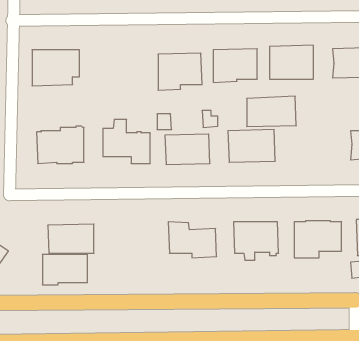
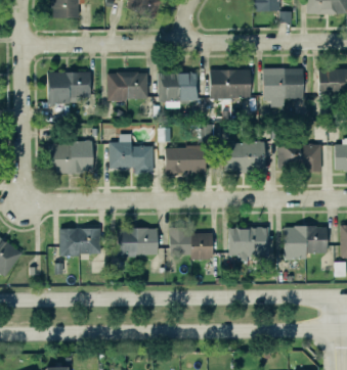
building: none -> [107,71,148,100]
building: [247,96,296,127] -> [278,143,323,171]
building: [42,254,87,285] -> [117,228,158,256]

